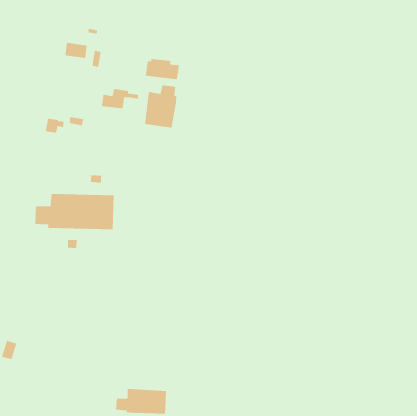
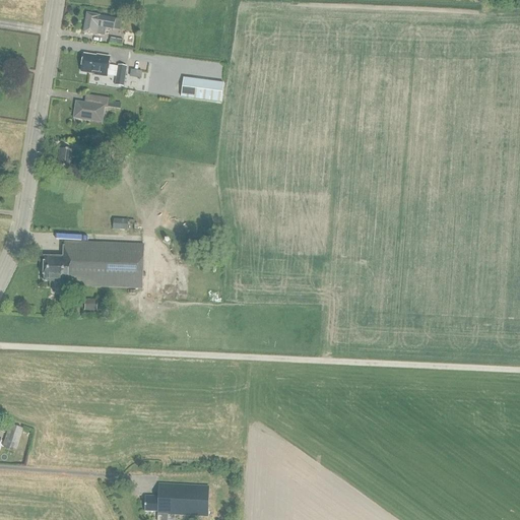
building: none -> [82,11,115,34]
building: [144,85,177,128] -> none
building: [100,88,139,111] -> [72,92,120,121]

